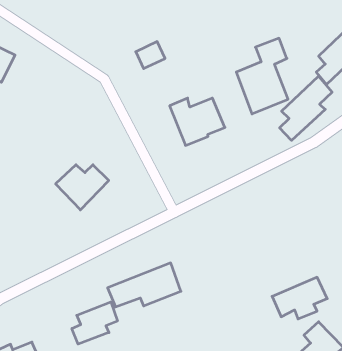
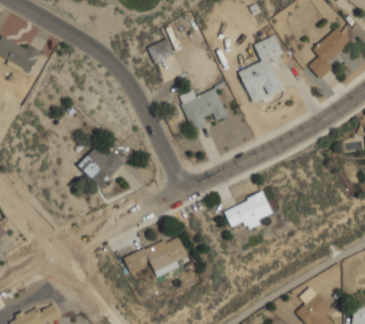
building: [280,76,332,140] -> none
building: [272,277,327,319] -> [223,193,272,230]
building: [72,302,117,344] -> none

